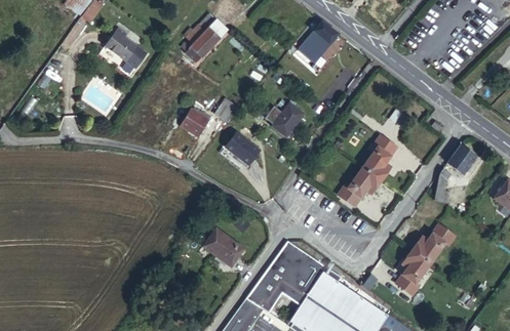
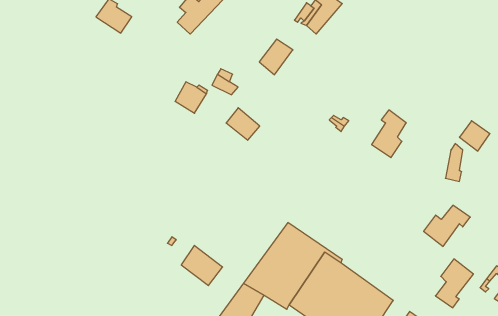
building: [273,102,305,136] -> [259,39,293,75]
building: [340,167,385,207] -> none
building: [205,230,244,267] -> [181,245,223,286]
building: [398,249,434,295] -> [435,259,473,308]

